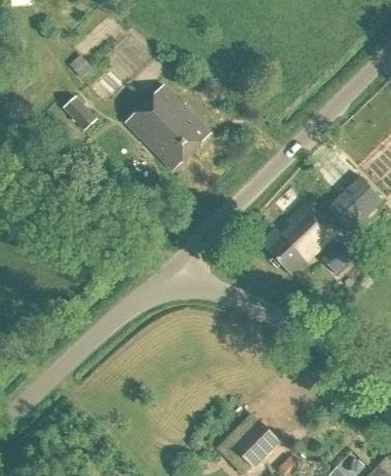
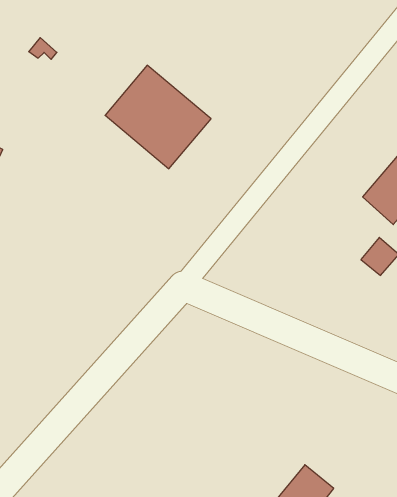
building: [64,95,96,129] -> none
building: [262,204,336,274] -> none

